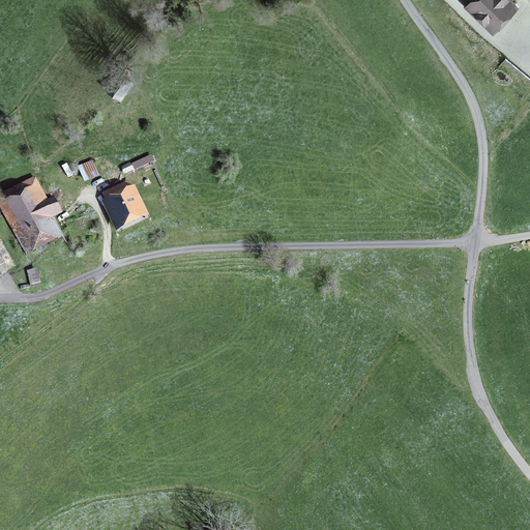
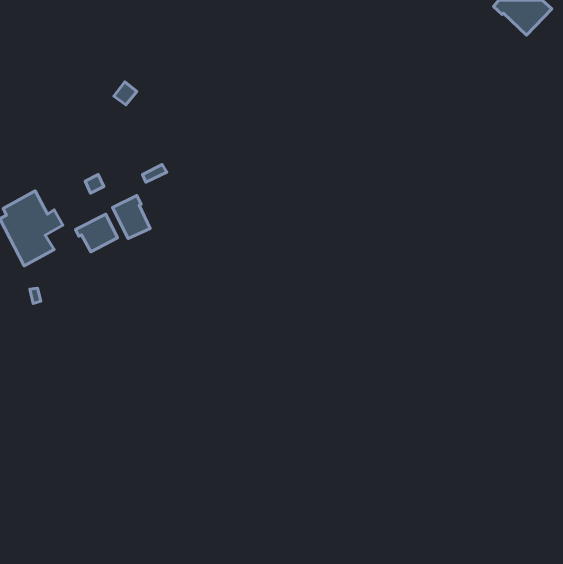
building: none -> [75,214,117,252]

